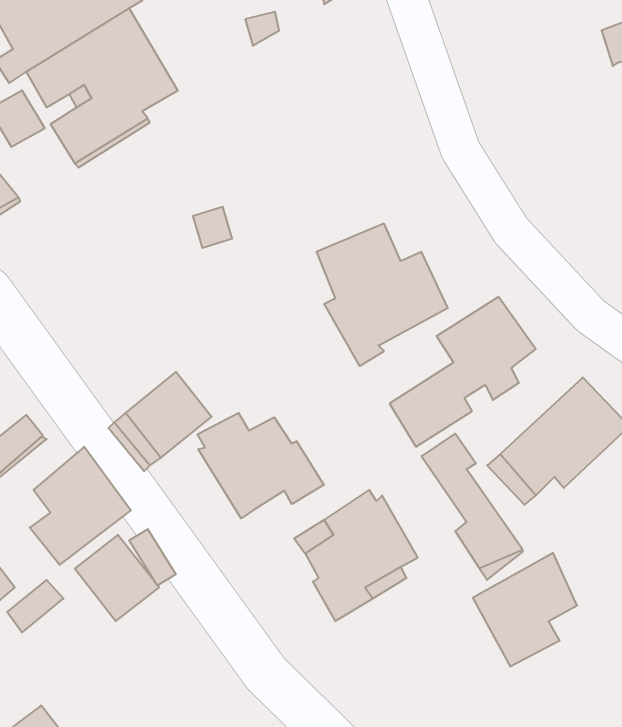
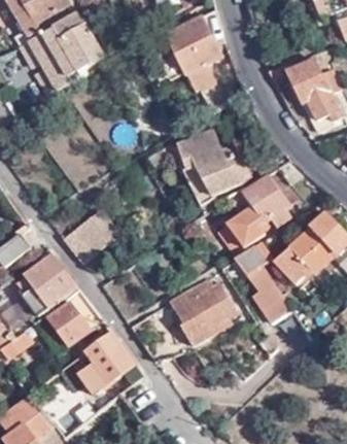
building: none -> [164,15,222,91]
building: none -> [285,63,339,123]
building: [198,413,324,518] -> none
building: [473,553,577,667] -> none
building: none -> [76,329,134,394]

